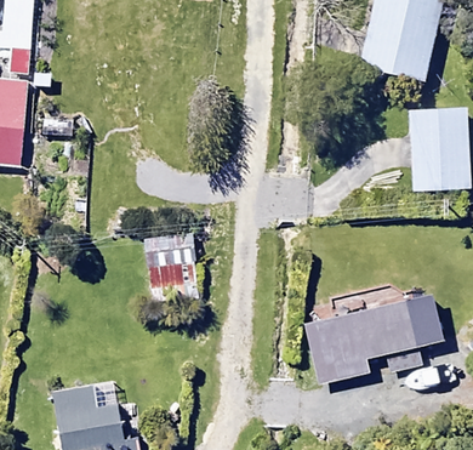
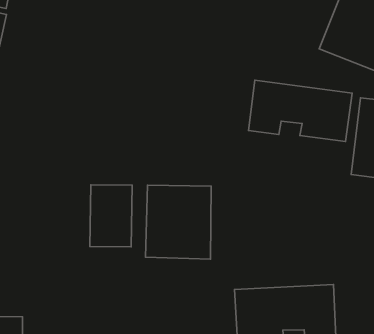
building: none -> [248,80,352,142]
building: none -> [146,185,211,259]

